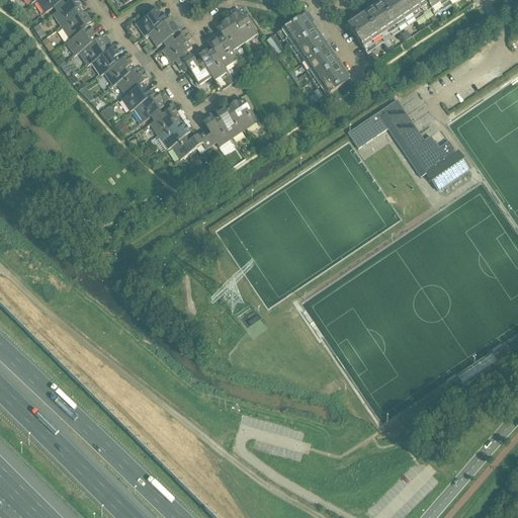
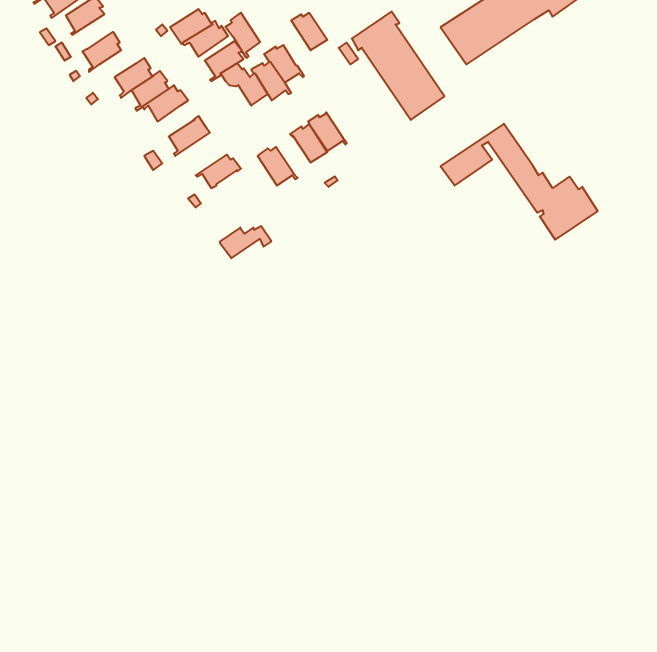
building: [57,11,93,38] -> none
building: [217,16,244,52] -> [225,13,260,58]
building: [78,34,107,66] -> none
building: [116,83,153,110] -> none
building: [149,106,178,138] -> none
building: [215,106,246,137] -> [308,112,347,151]
building: [170,133,210,158] -> [220,226,271,258]

